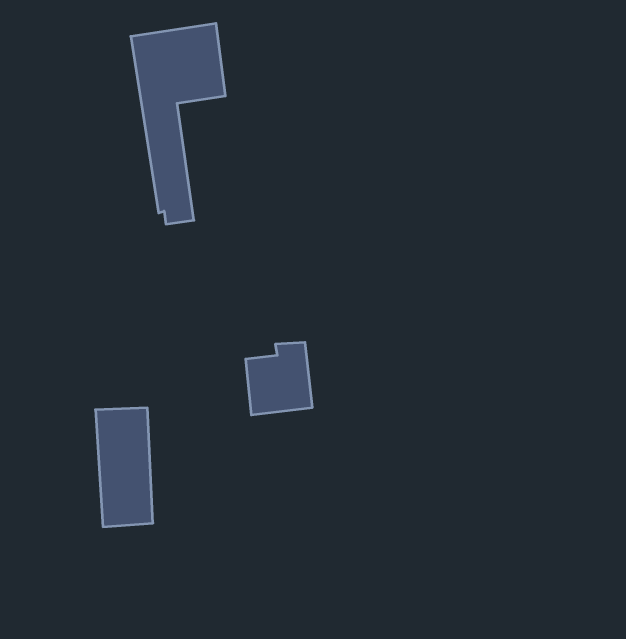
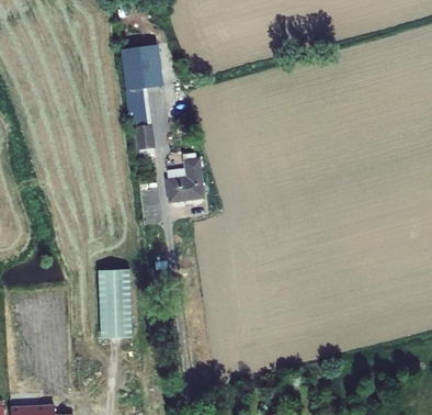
building: [246,342,312,415] -> [164,159,204,202]

